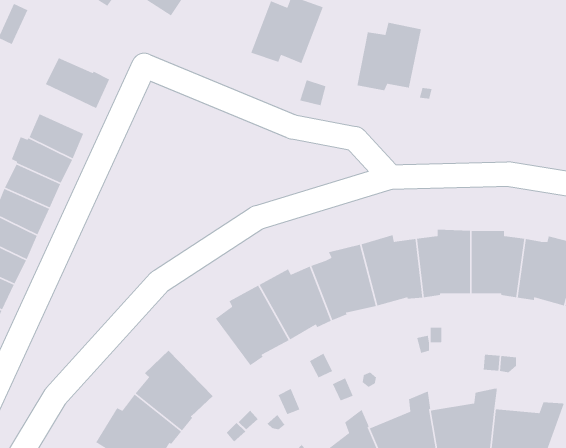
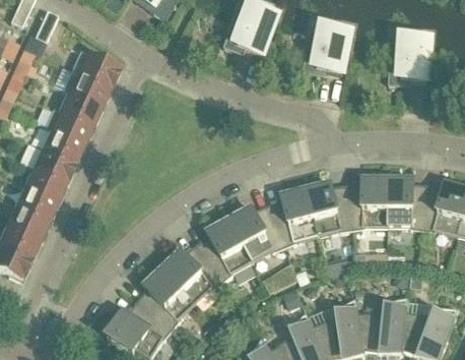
building: none -> [389,34,431,85]
building: none -> [63,70,110,107]
building: none -> [163,245,224,303]

